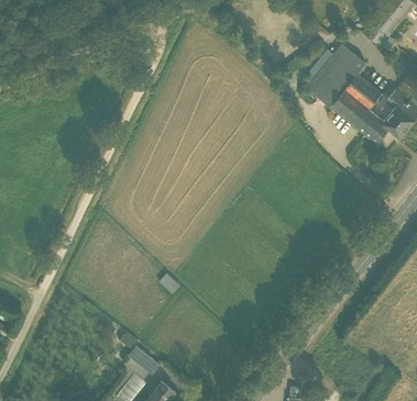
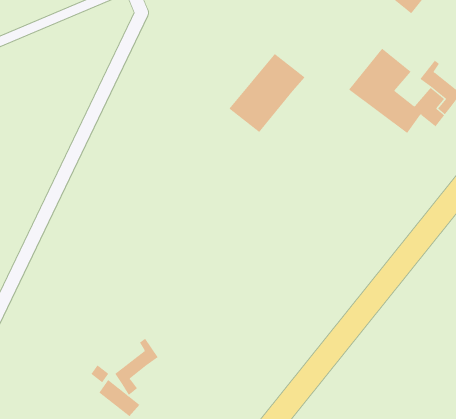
building: [303,42,365,107] -> [229,53,306,133]
building: none -> [114,338,159,396]

